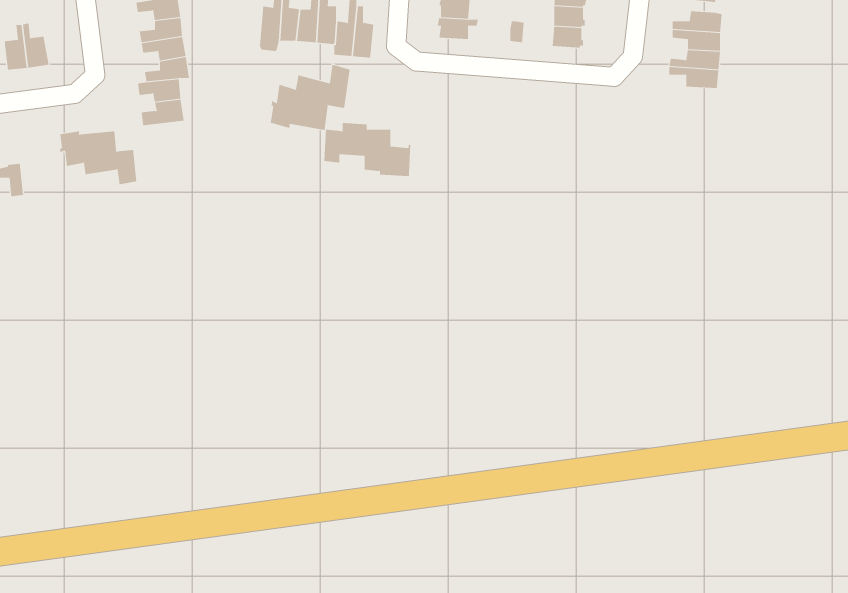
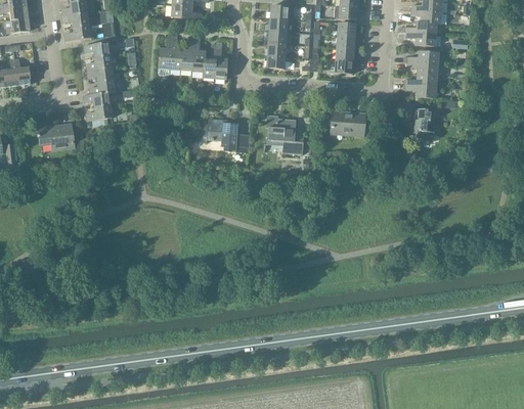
building: [270,64,350,131] -> none
building: none -> [410,108,434,141]
building: none -> [332,110,364,134]
building: none -> [265,113,304,153]

